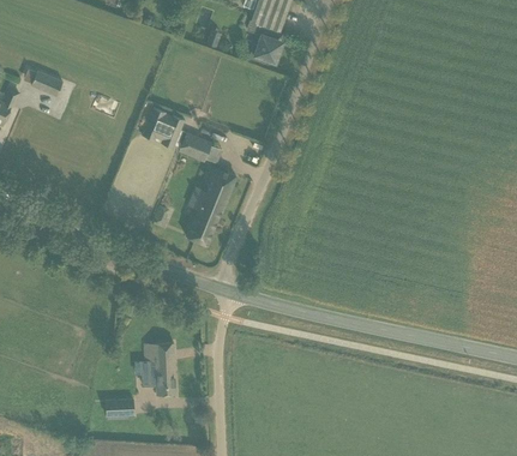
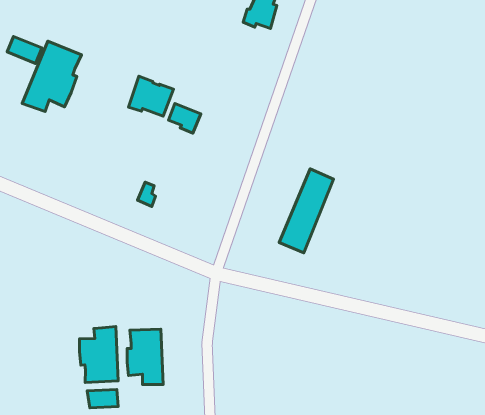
building: none -> [22,41,82,112]
building: [184,166,234,244] -> [279,169,333,253]
building: none -> [79,327,118,382]

